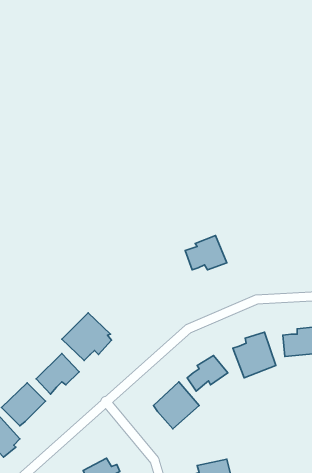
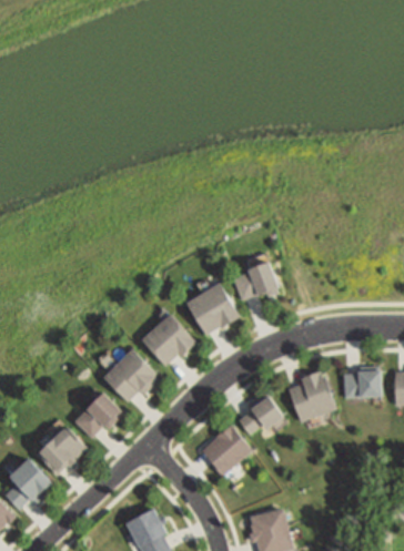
building: none -> [185,285,241,340]
building: none -> [141,308,194,365]

